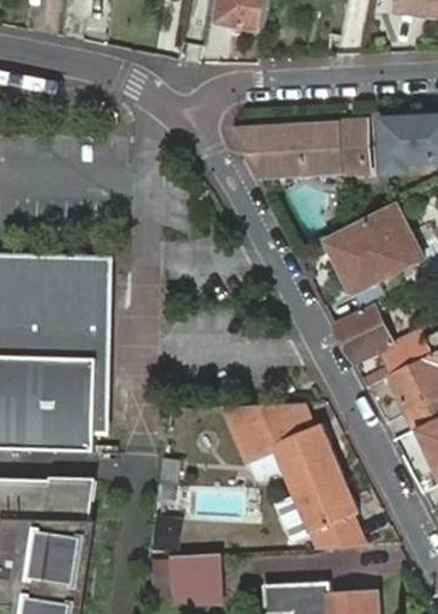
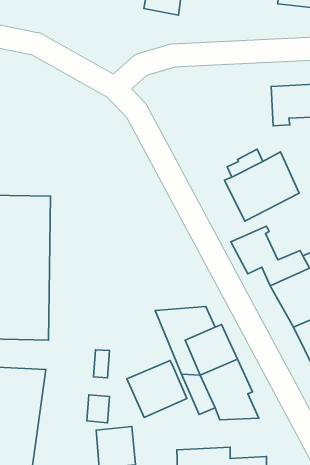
building: [230,121,367,176] -> none
building: none -> [127,361,187,417]

